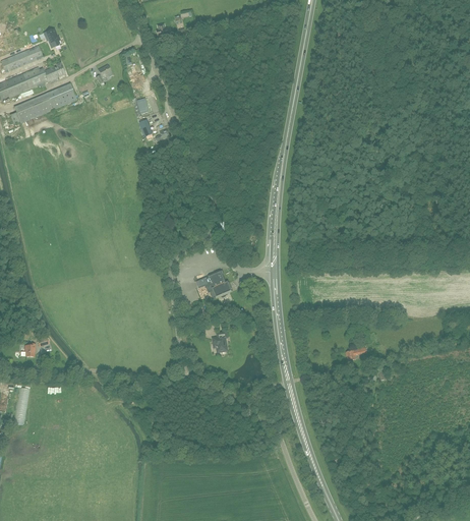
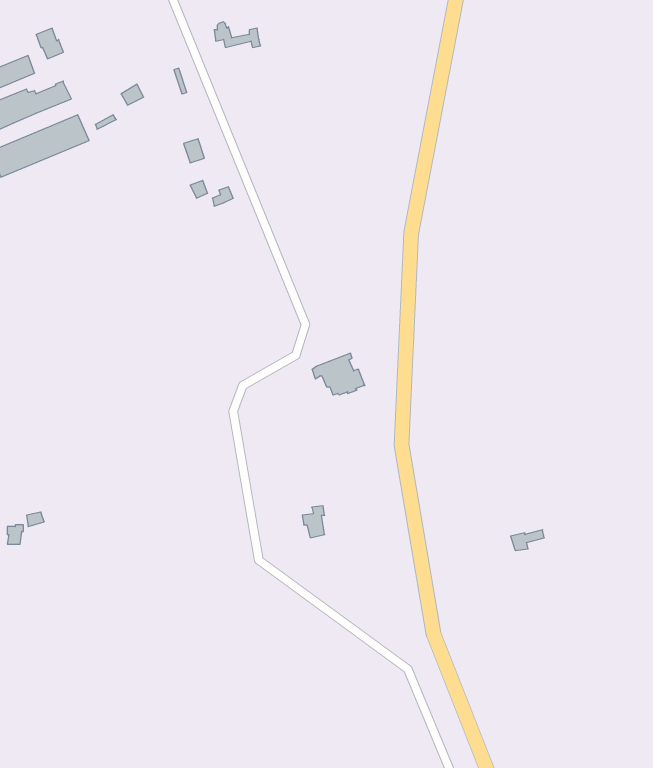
building: [197,270,231,296] -> [312,353,365,395]

